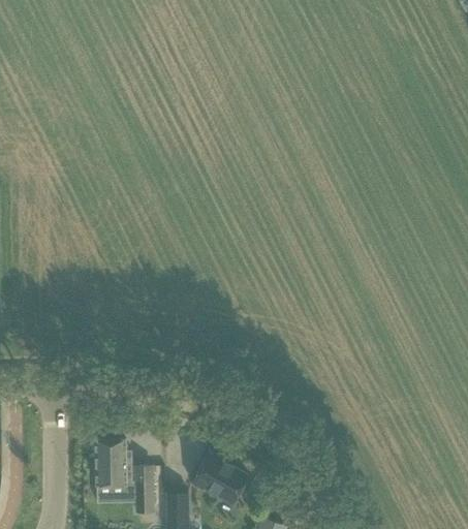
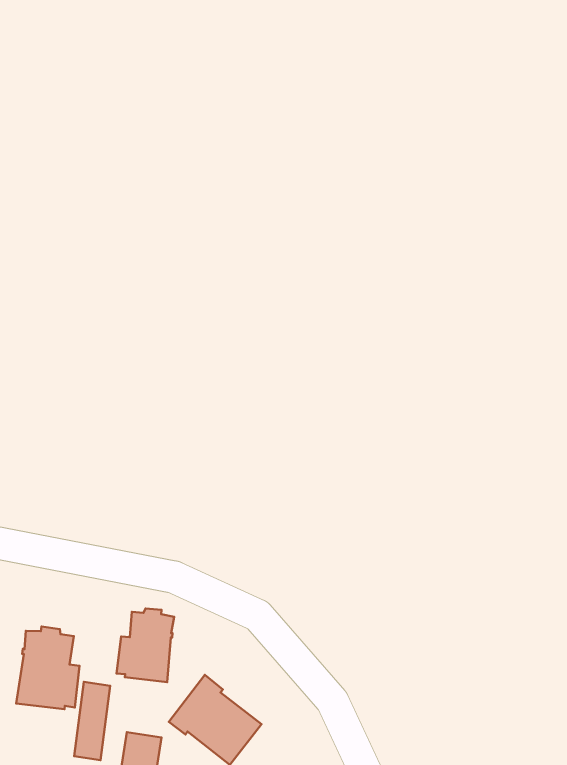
building: none -> [116,608,174,682]

